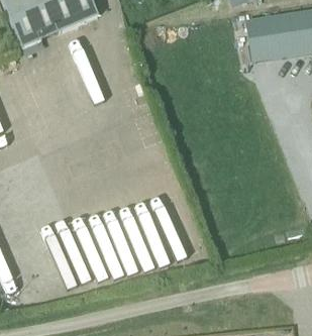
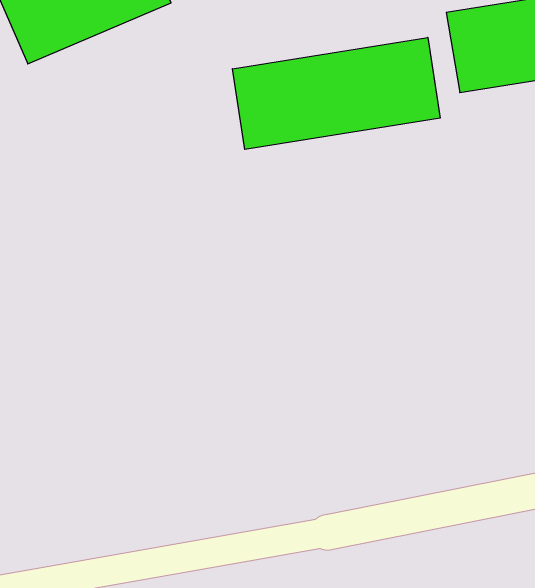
building: none -> [232,37,440,149]

